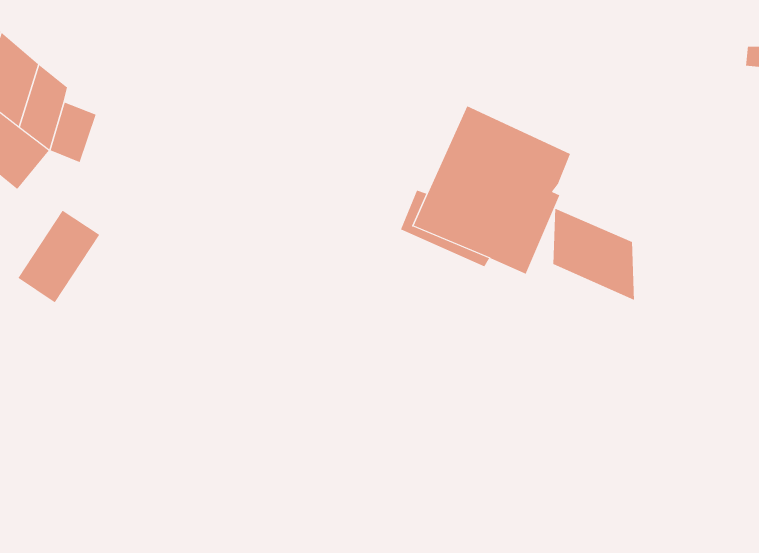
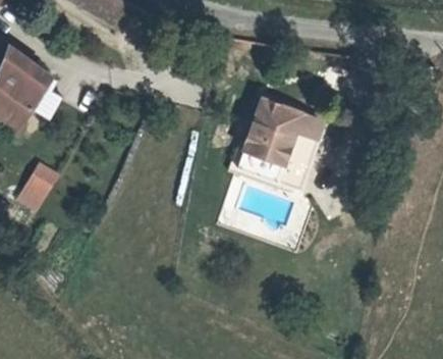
building: [553,208,634,301] -> none

